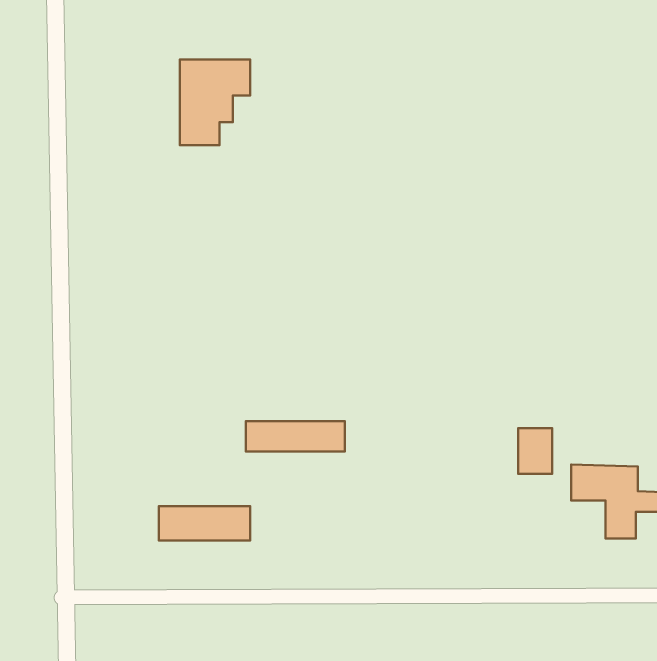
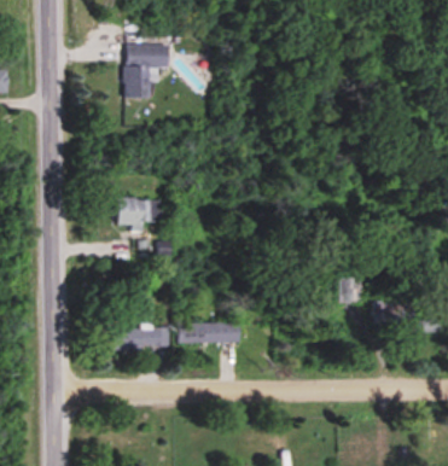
building: none -> [118,199,163,223]
building: [246,421,345,451] -> [178,322,240,342]

